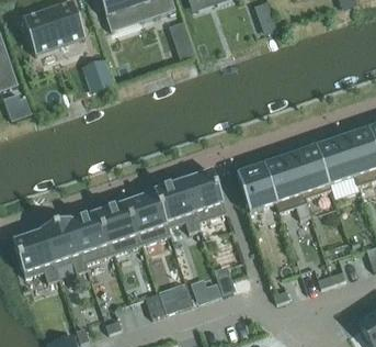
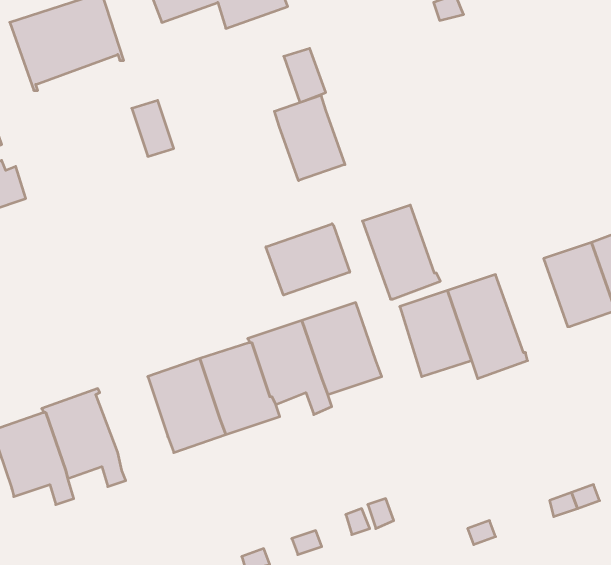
building: none -> [274,95,345,181]
building: none -> [266,224,350,295]
building: [289,146,332,198] -> [362,205,440,299]
building: [70,211,113,262] -> none

